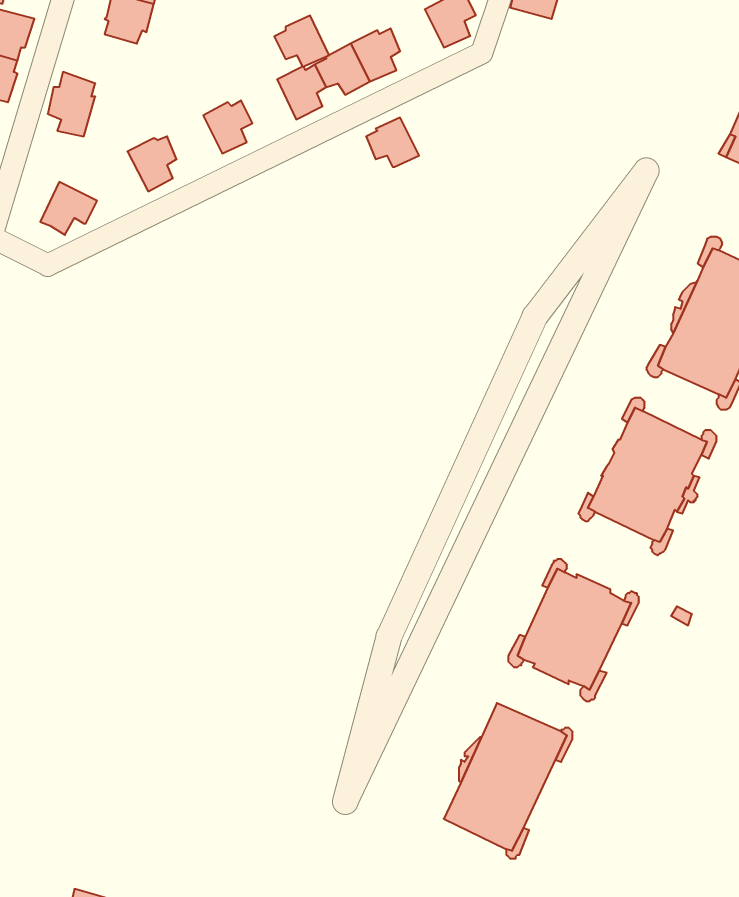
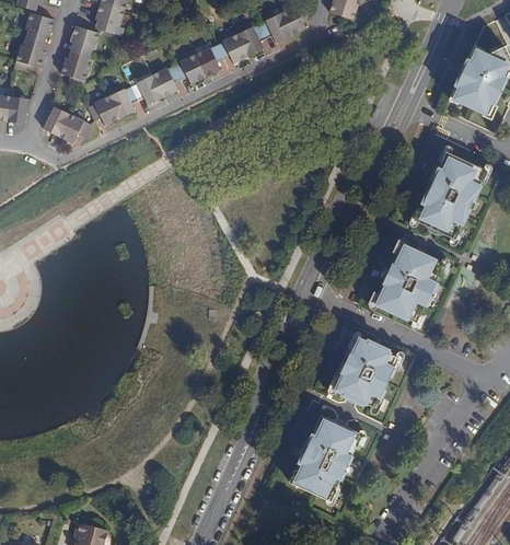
building: [274,16,329,67] -> [173,54,205,83]
building: none -> [69,25,97,56]
building: none -> [130,74,162,104]
building: [366,118,419,167] -> [259,13,290,42]
building: none -> [86,95,119,125]
building: none -> [43,105,68,136]

